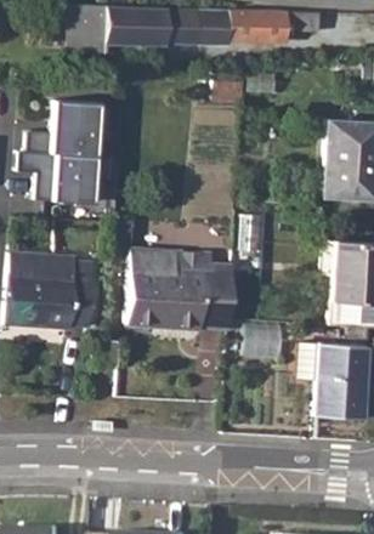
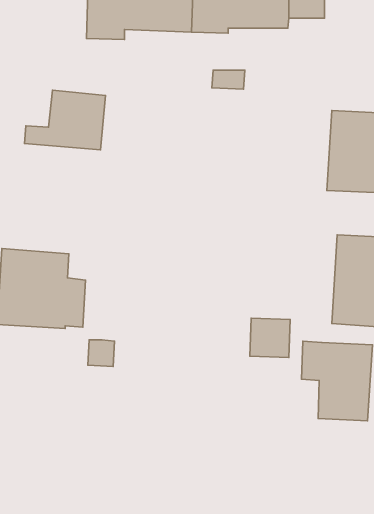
building: [28,152,102,205] -> none
building: [124,250,228,326] -> none

